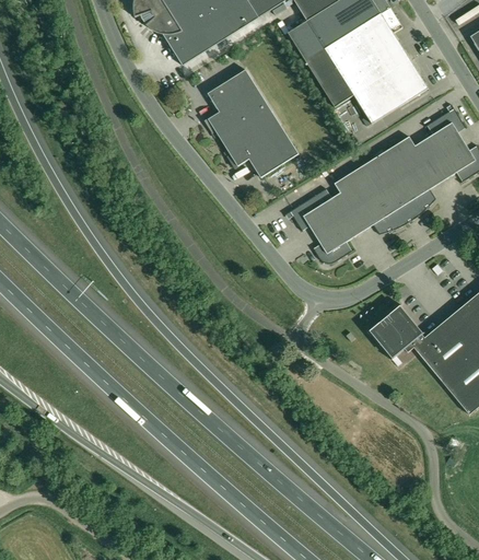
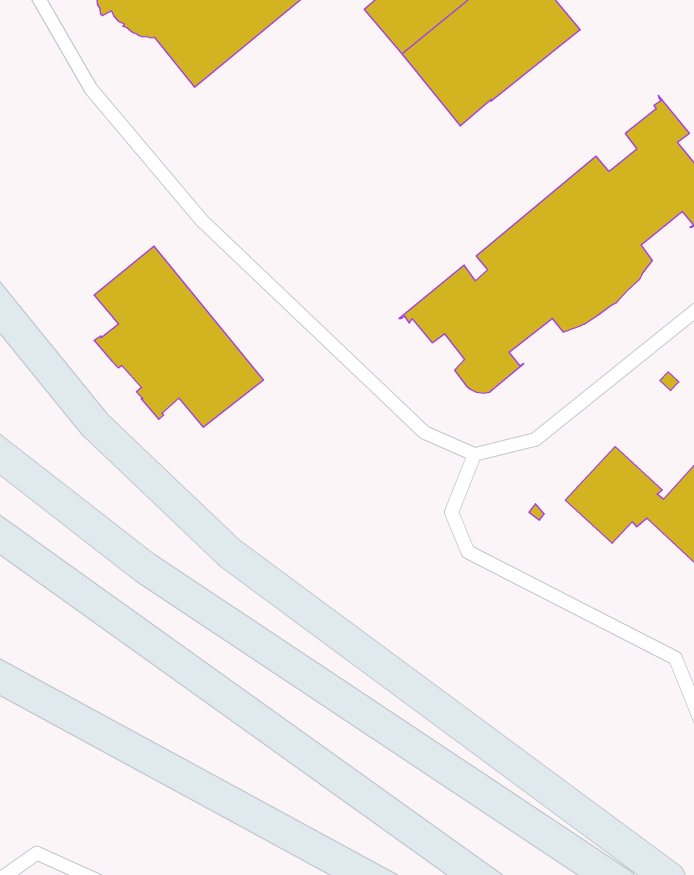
building: [353,59,428,122] -> none
building: [203,68,299,176] -> [94,246,263,427]

